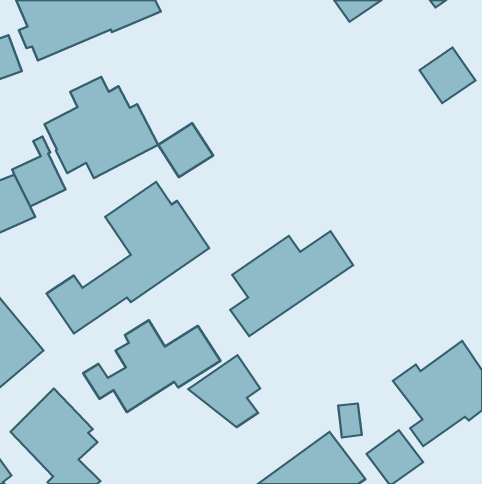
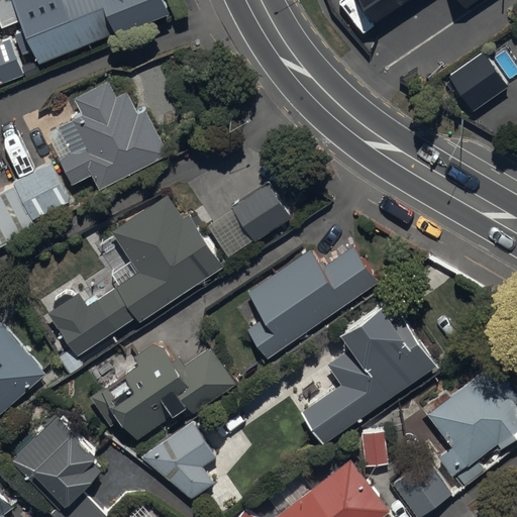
building: [158,123,213,177] -> [233,183,292,240]
building: none -> [301,308,434,442]
building: [188,355,260,427] -> [138,421,215,498]

